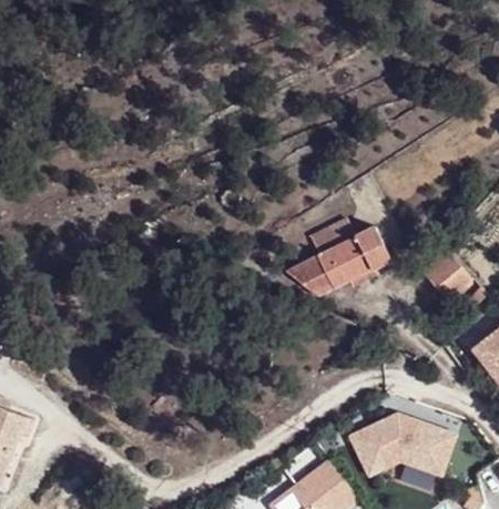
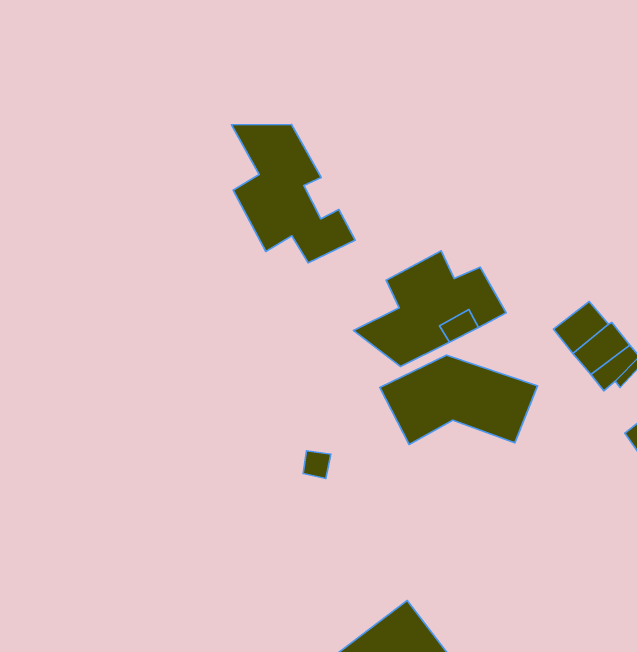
building: none -> [232,125,355,263]
building: [350,413,458,474] -> [380,355,537,444]

